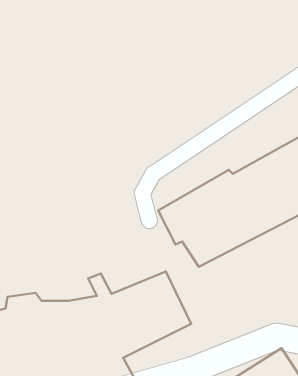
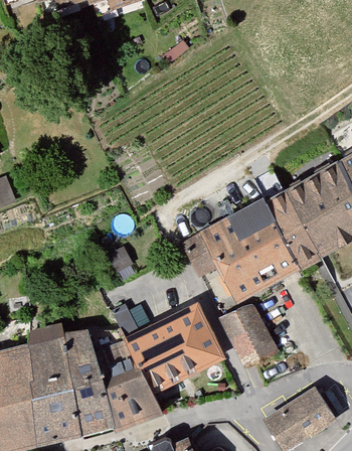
building: none -> [217,303,277,370]

